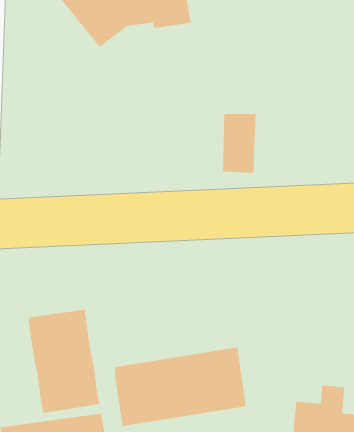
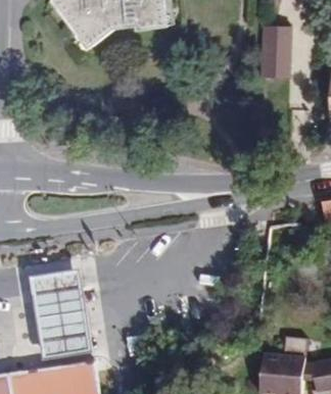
building: [222,113,257,173] -> [259,27,289,79]
building: [114,347,246,427] -> none

